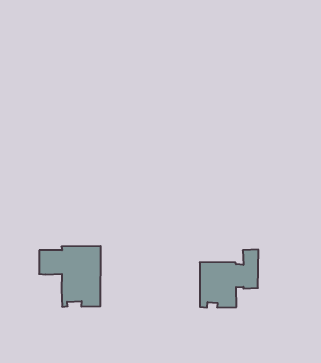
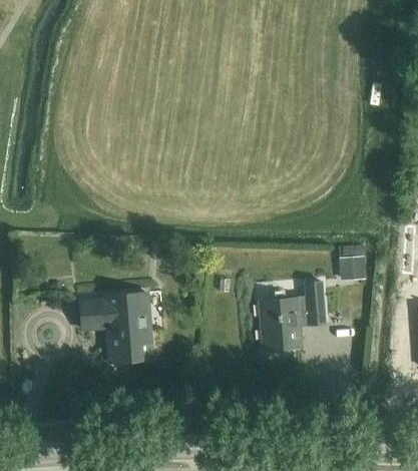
building: none -> [340,255,365,279]

